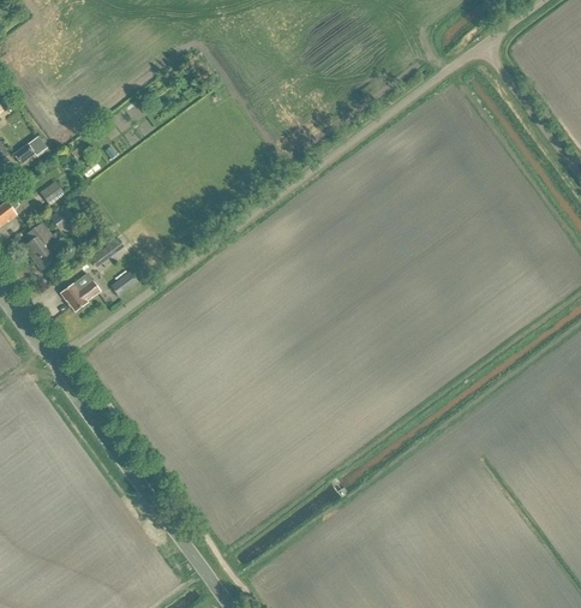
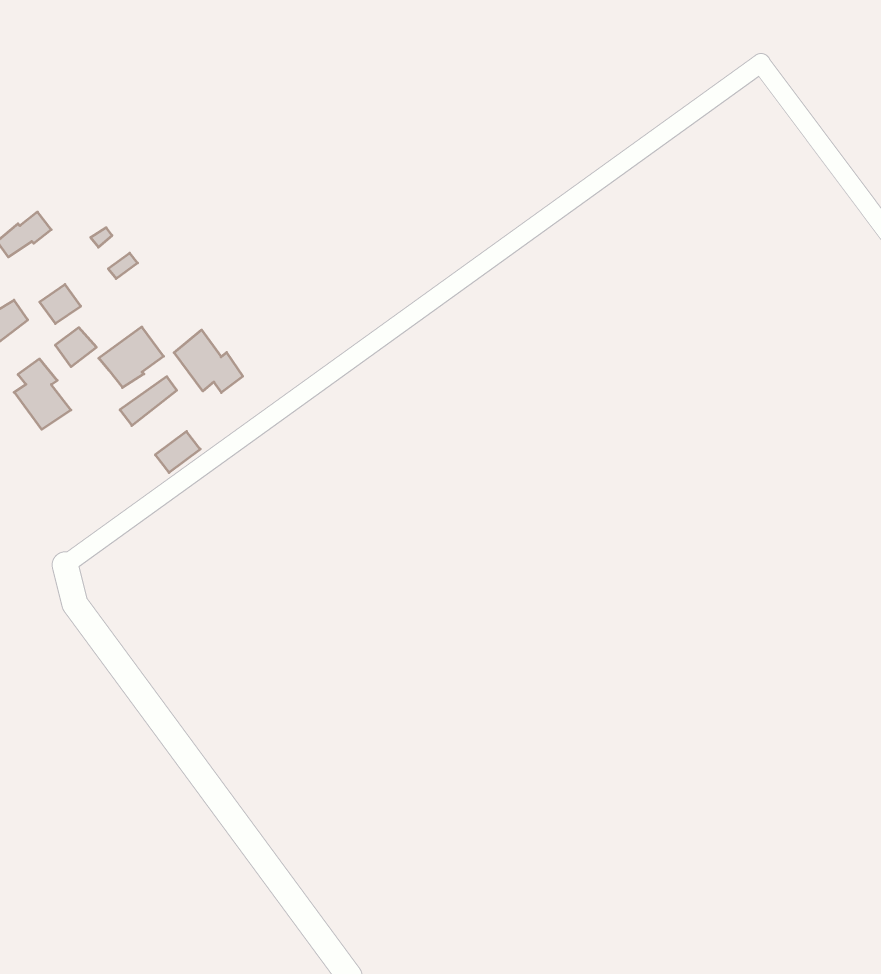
building: none -> [174,330,243,393]
building: [60,274,100,311] -> [99,327,164,388]

